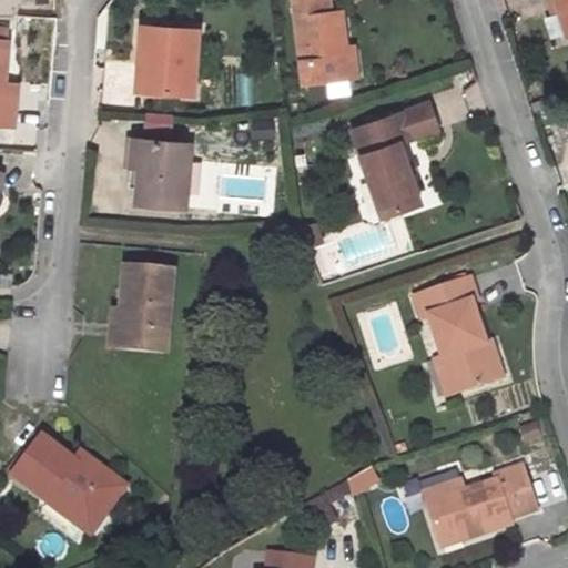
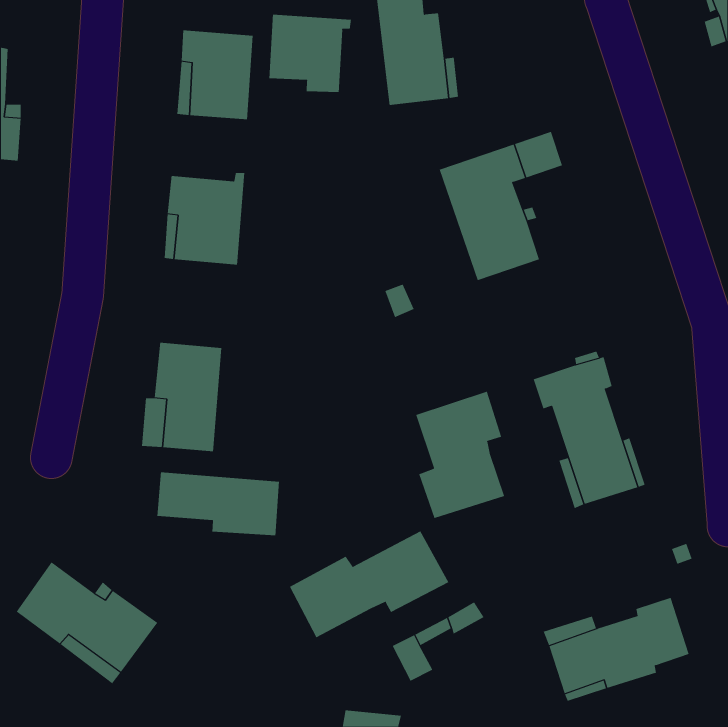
building: none -> [269,14,351,93]
building: none -> [416,391,505,519]
building: none -> [157,472,280,536]
building: none -> [289,530,449,638]

